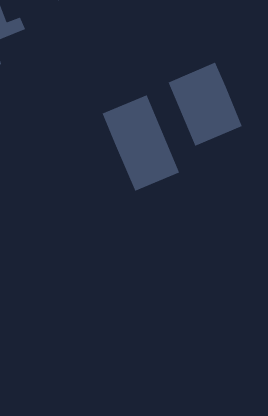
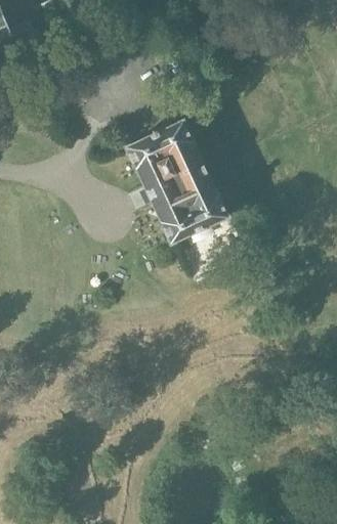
building: [167,62,243,147] -> none

